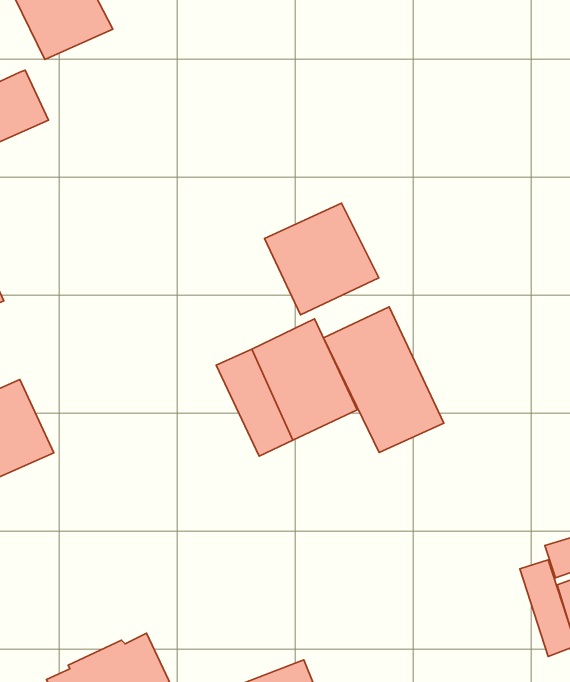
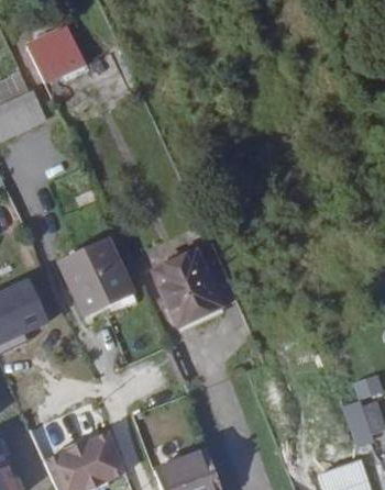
building: [264,203,379,315] -> none
building: [323,307,444,452] -> none
building: none -> [60,238,133,313]

